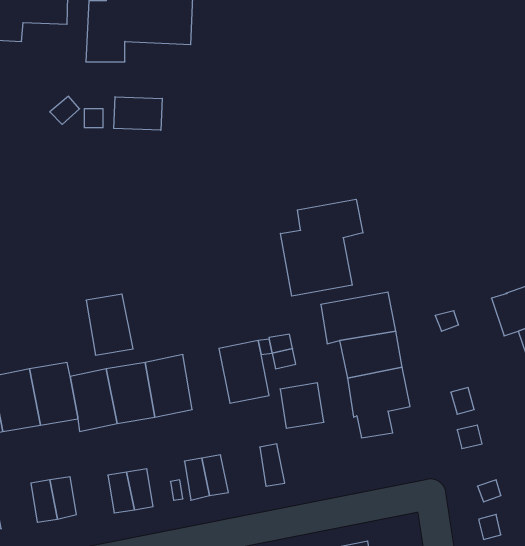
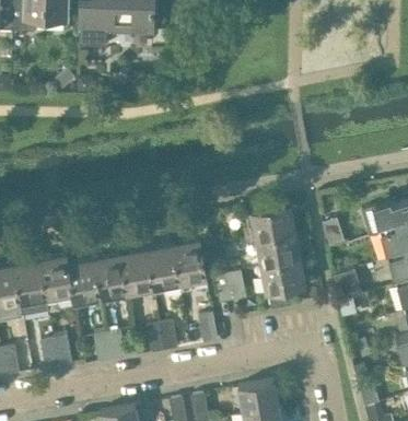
building: [114,97,162,130] -> none
building: [280,199,363,296] -> none
building: [86,294,133,355] -> [147,246,179,289]

